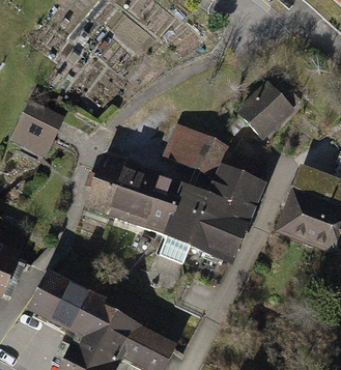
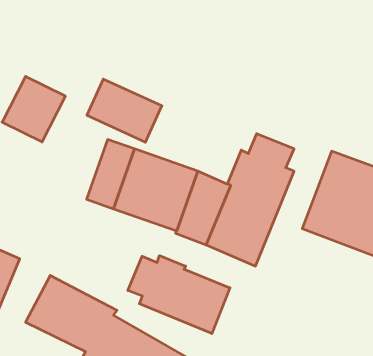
building: [235,80,295,139] -> none
building: [162,120,228,176] -> [87,79,162,142]
building: none -> [128,256,230,334]

